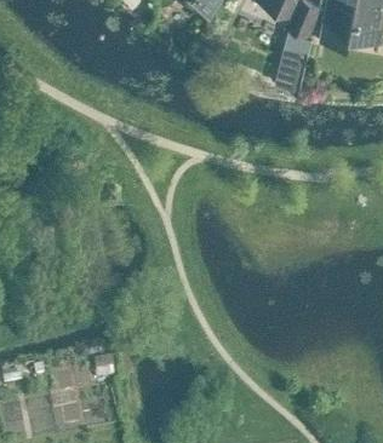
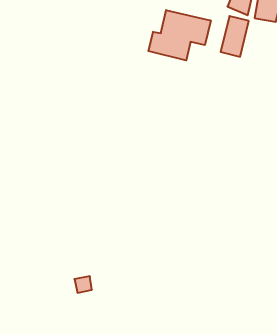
building: none -> [148,10,211,60]

